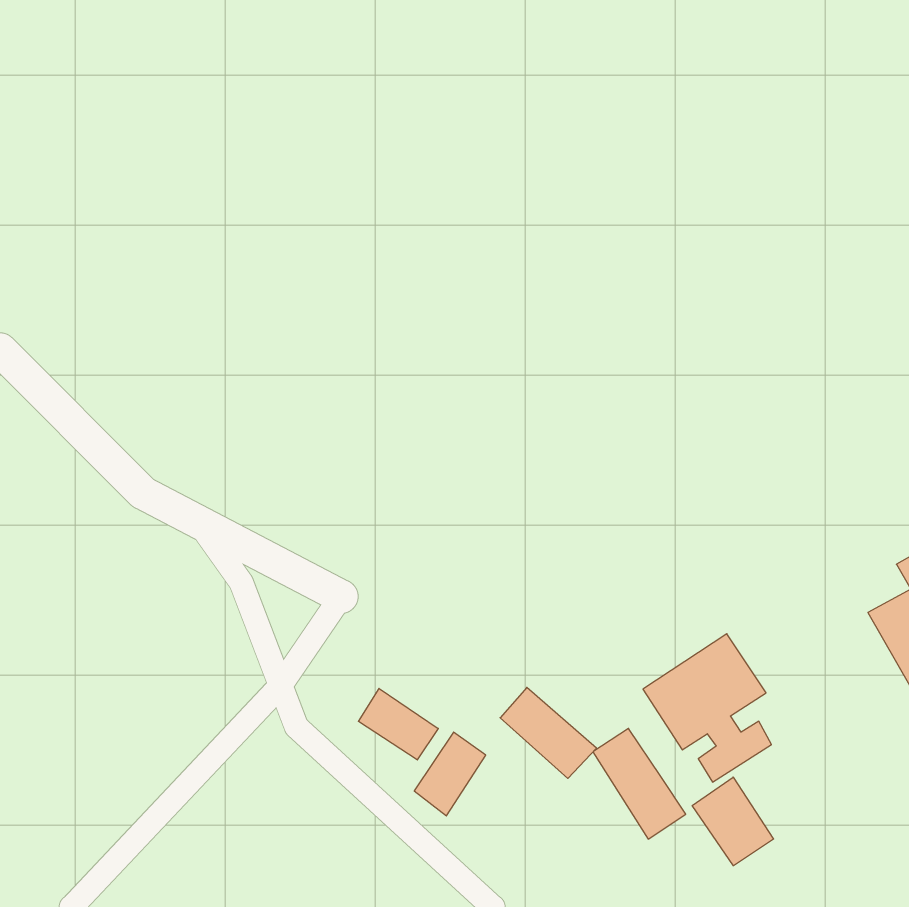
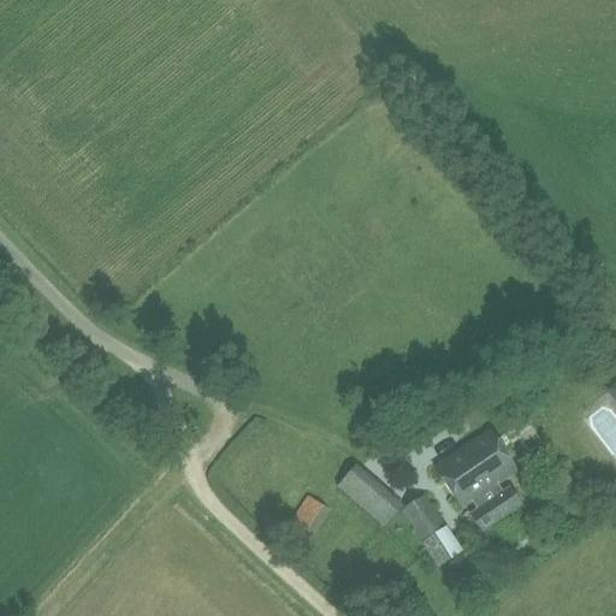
building: [358,688,438,760] -> none
building: [692,777,774,866] -> none

